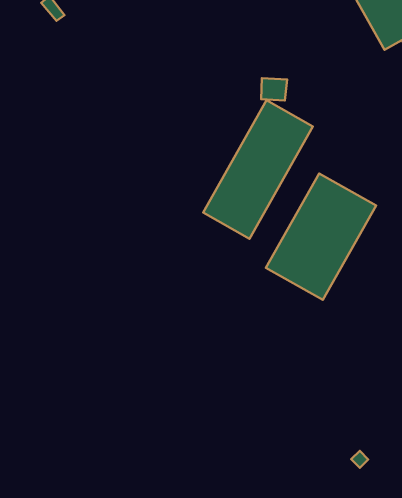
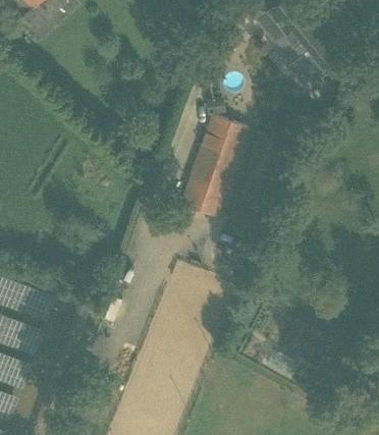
building: [266,173,376,300] -> none

